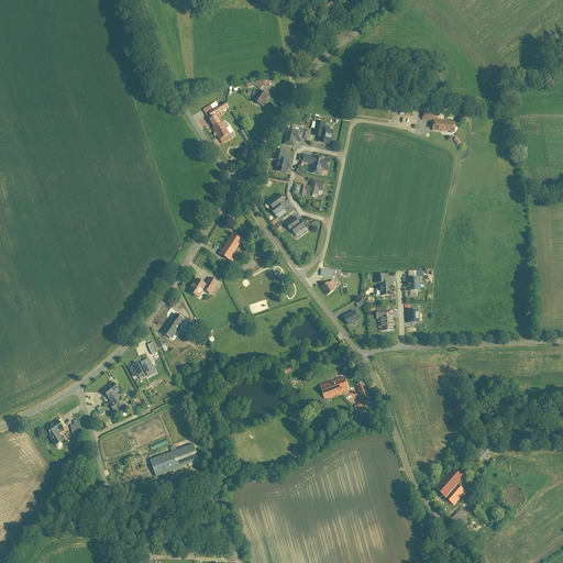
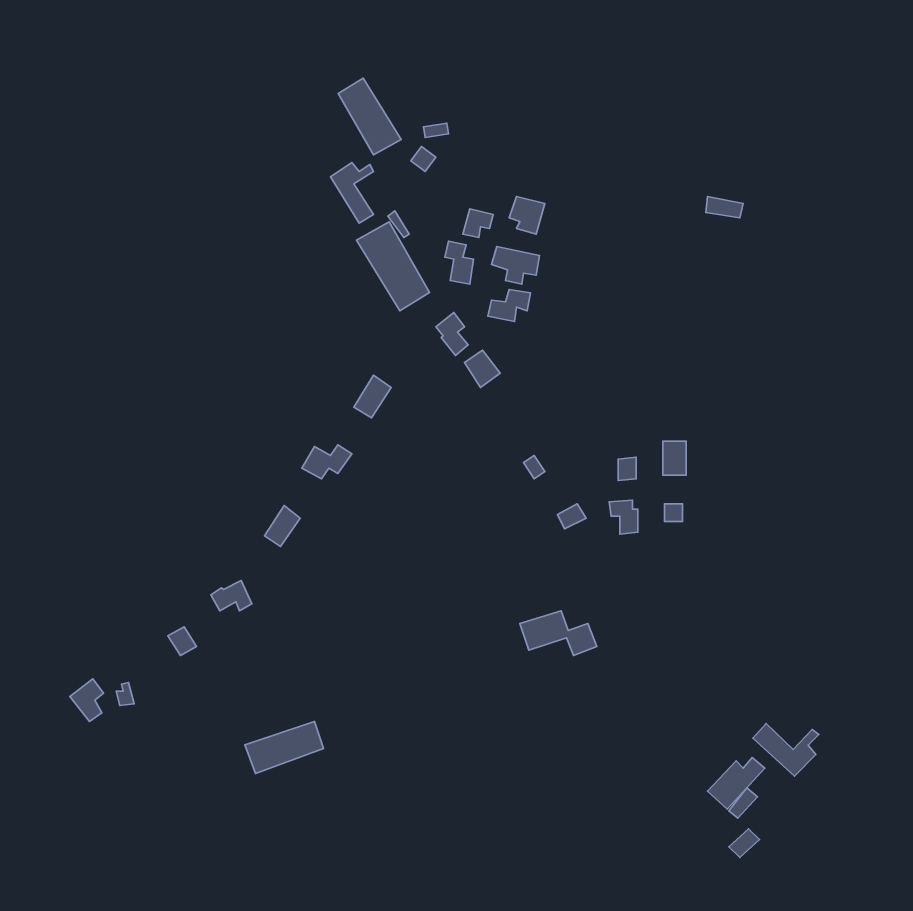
building: none -> [338,78,401,155]
building: none -> [356,222,429,311]
building: none -> [753,723,819,776]

